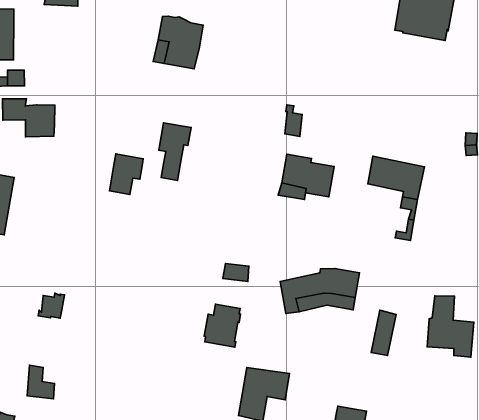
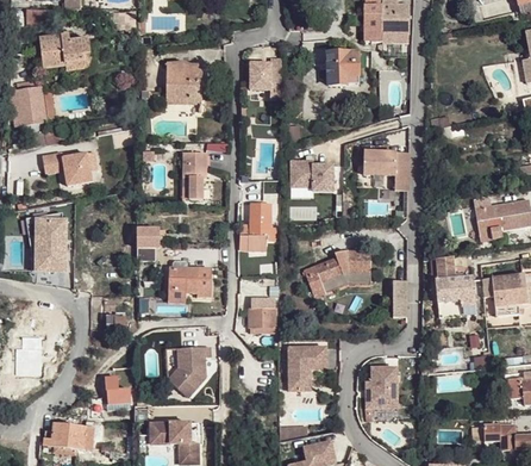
building: none -> [249,57,280,110]
building: none -> [327,51,357,83]
building: [109,154,143,195] -> [136,229,160,261]
building: none -> [238,203,275,250]
building: none -> [168,267,211,302]
building: none -> [164,346,207,397]

